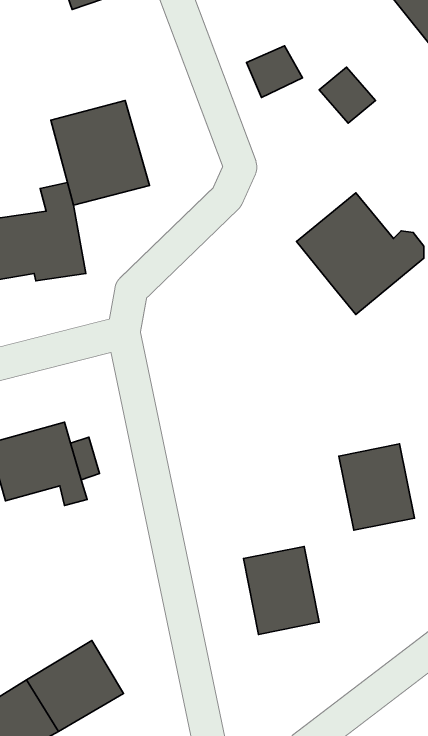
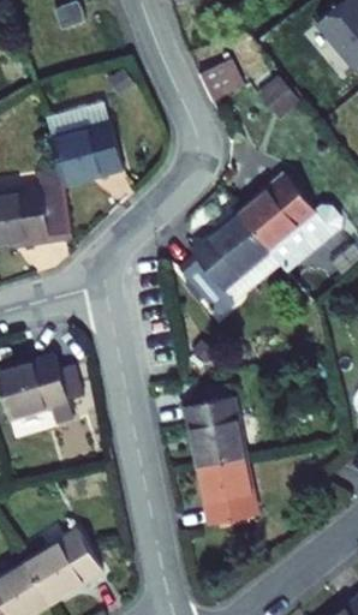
building: none -> [180,215,269,316]
building: [339,444,415,530] -> [185,398,245,466]

